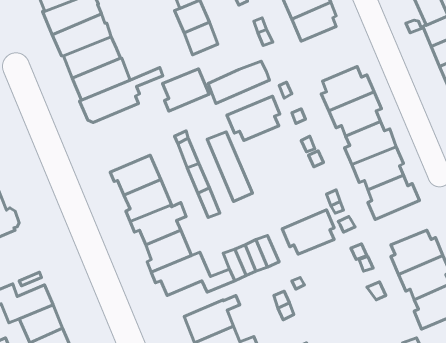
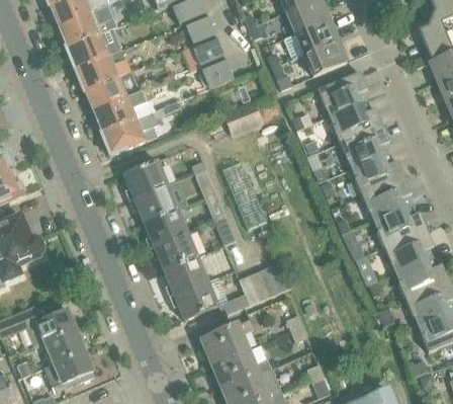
building: [163,69,209,111] -> [123,160,168,200]
building: [227,96,280,141] -> [316,71,367,113]
building: [282,210,334,254] -> [383,228,433,270]

